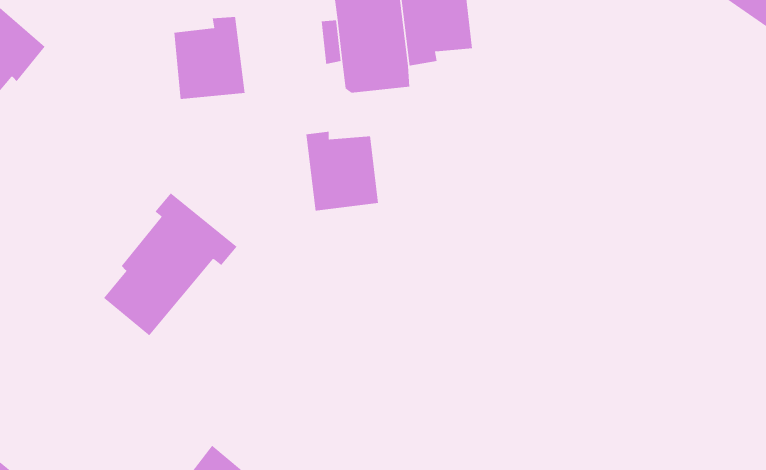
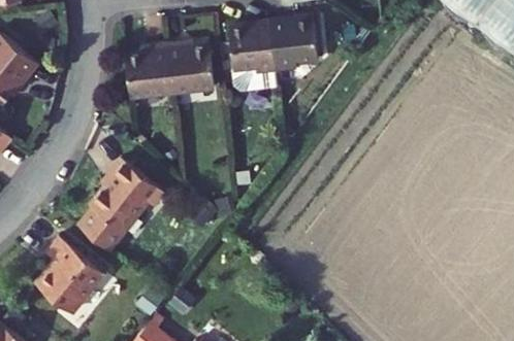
building: [305,131,379,211] -> [165,41,213,93]
building: none -> [35,234,102,311]

